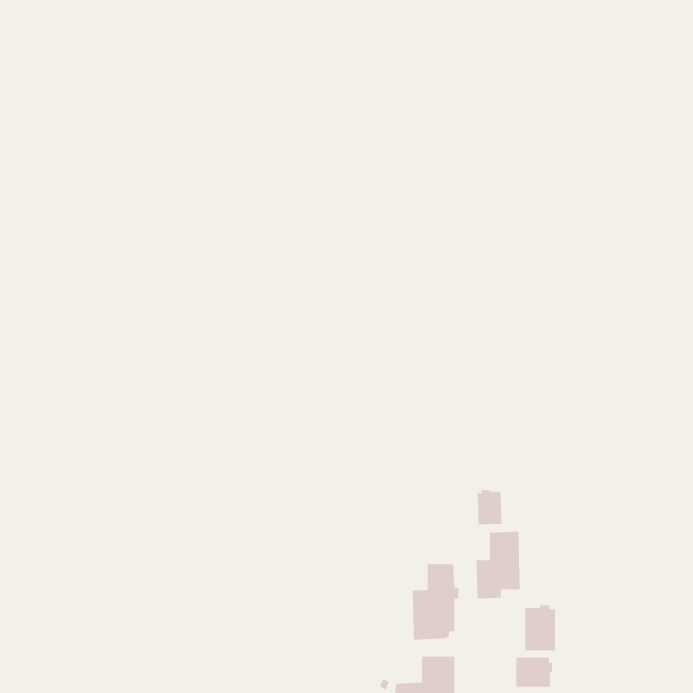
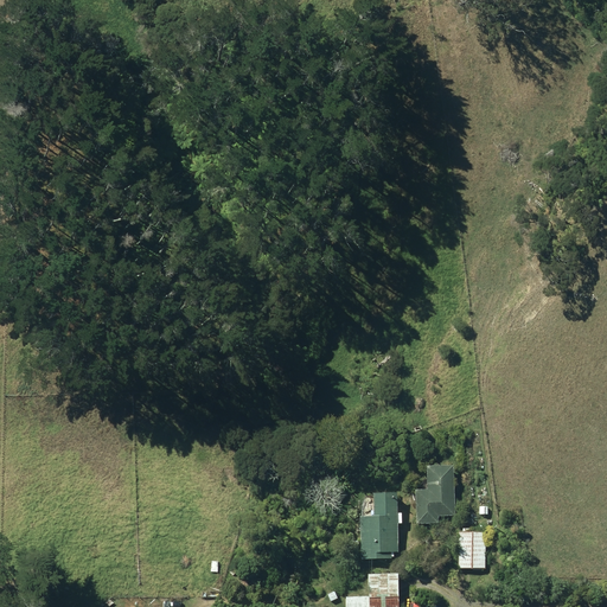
building: [477,489,502,525] -> none
building: [516,657,553,688] -> none

